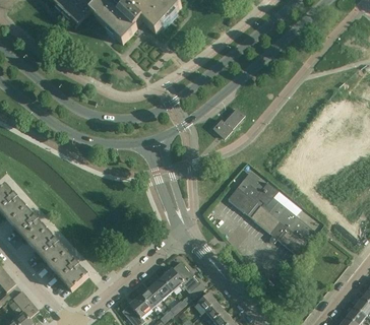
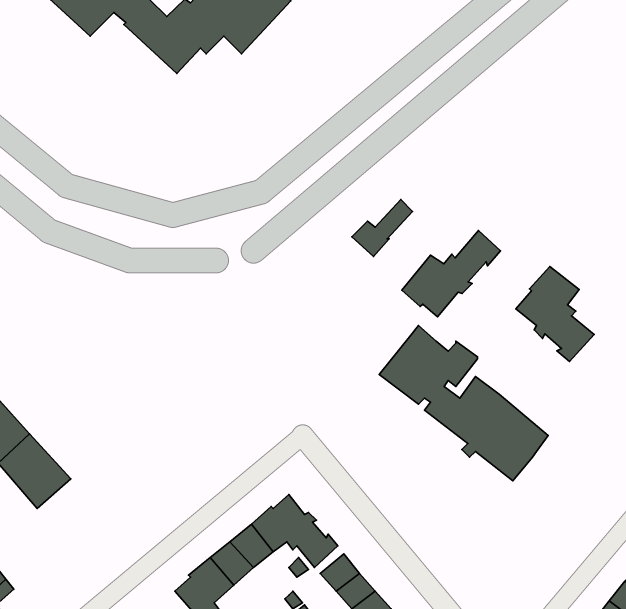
building: none -> [402,230,500,317]
building: none -> [516,266,594,361]
building: [50,253,87,290] -> none

